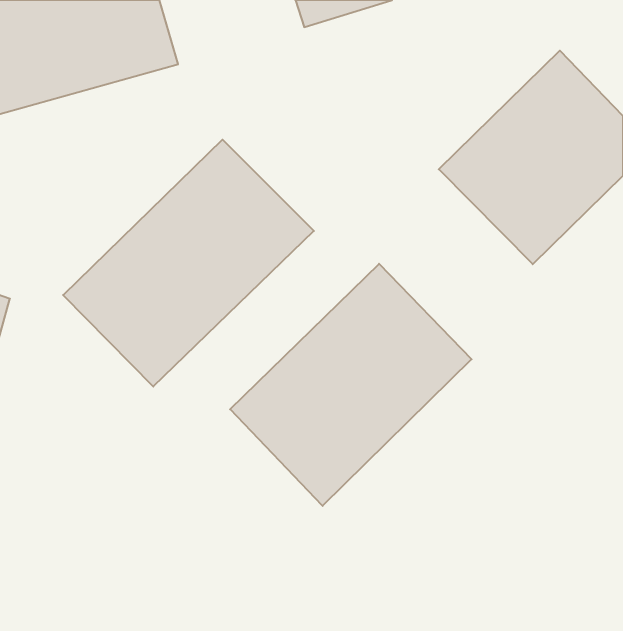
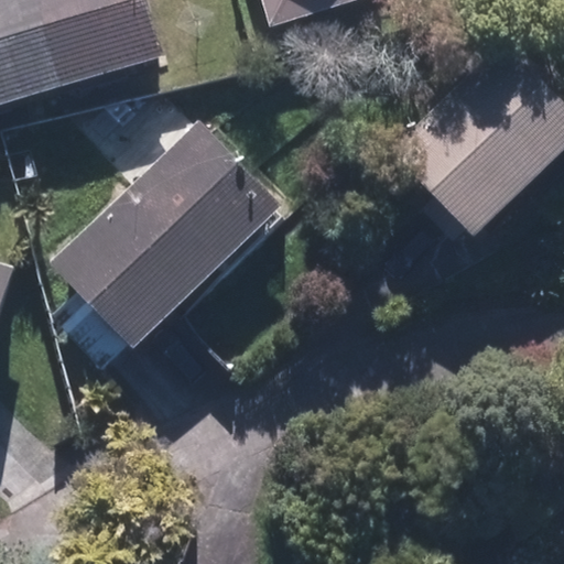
building: [230,264,472,506] -> none

